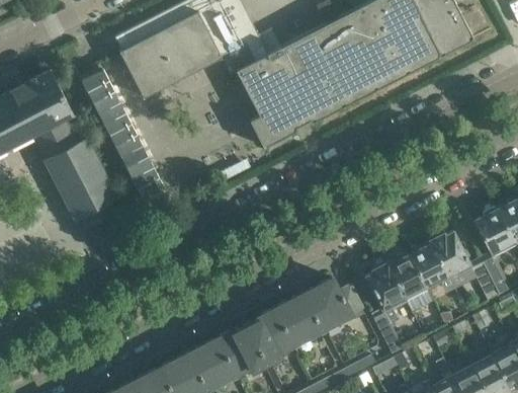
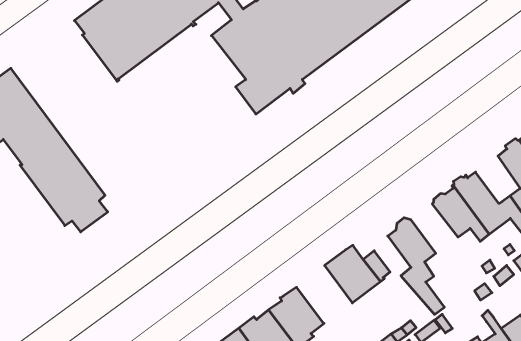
building: [82,66,167,201] -> none
building: [386,253,426,299] -> none
building: [274,294,322,345] -> none

